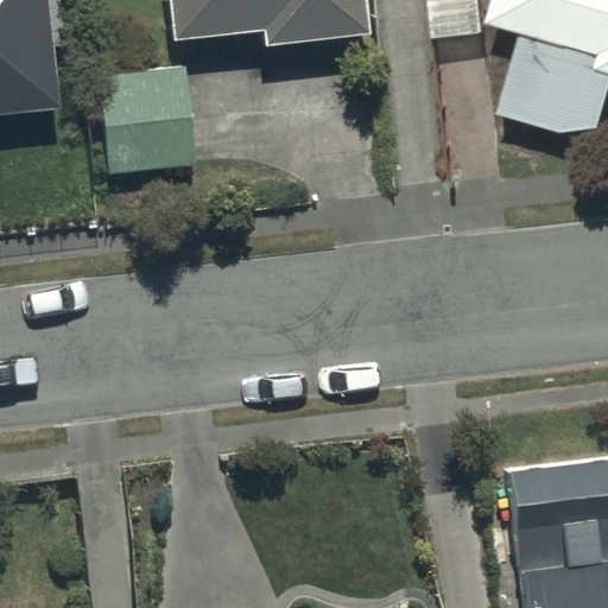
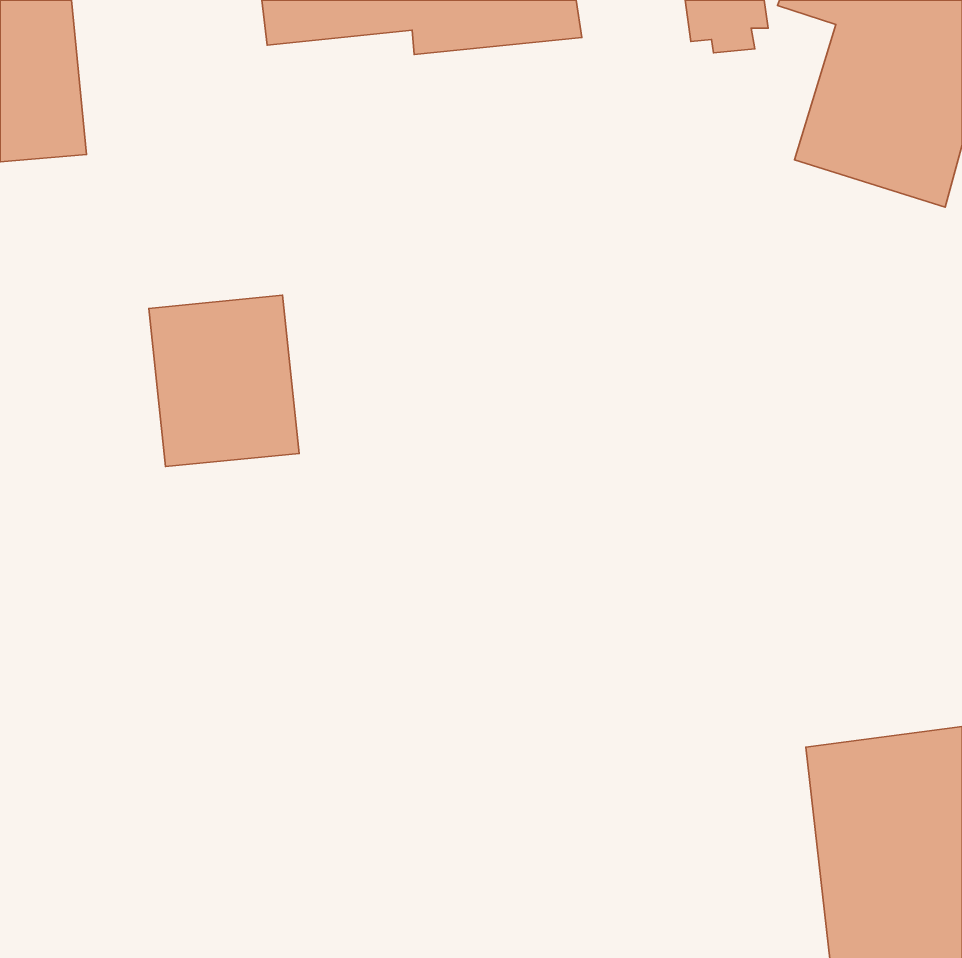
building: [96,61,191,169] -> [149,295,299,467]

